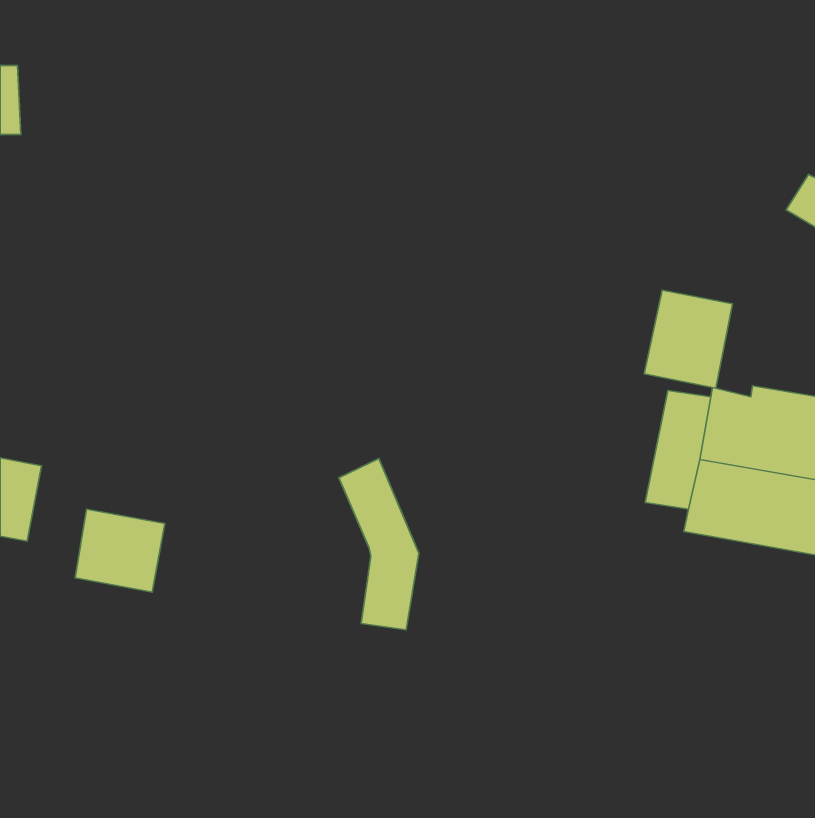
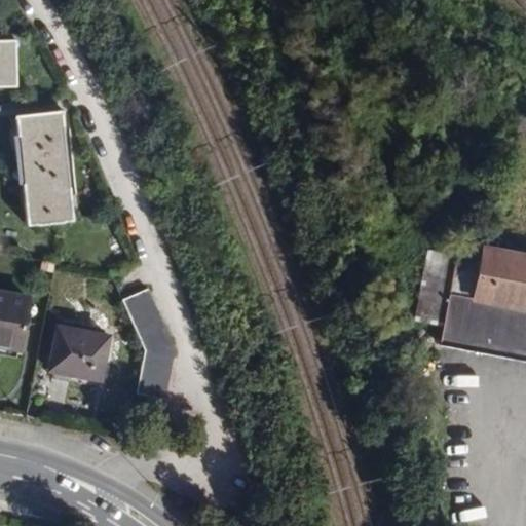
building: none -> [15,111,73,224]
building: [644,290,732,388] -> none
building: [339,459,419,630] -> [123,290,175,400]

